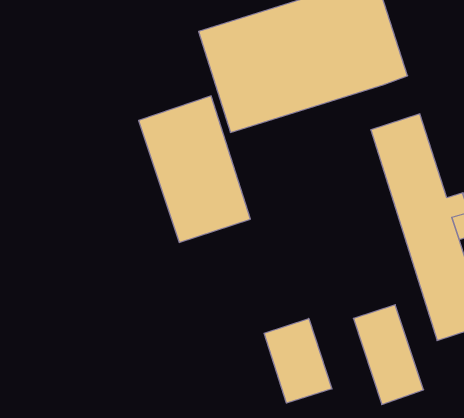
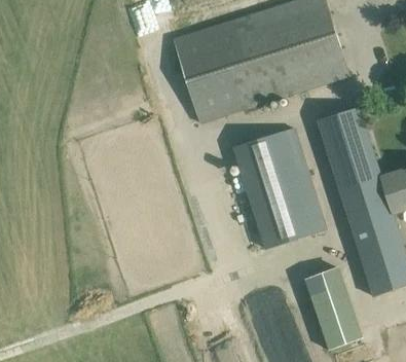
building: [139,96,250,242] -> [232,129,326,251]
building: [264,318,332,403] -> none

